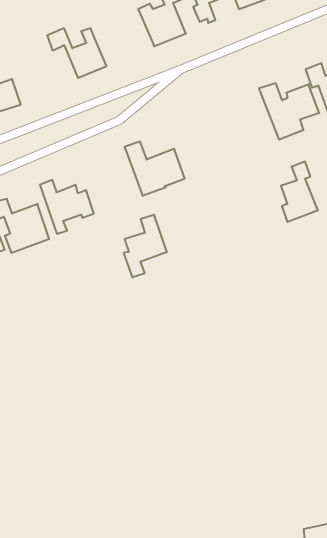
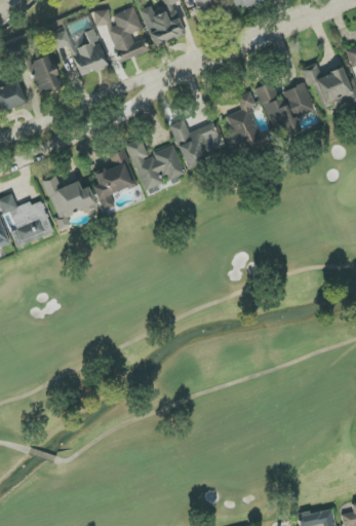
building: none -> [92,6,150,61]
building: none -> [28,53,62,93]
building: none -> [171,119,223,168]
building: [281,162,318,222] -> [227,90,263,149]
building: [124,215,167,277] -> [93,148,135,209]

